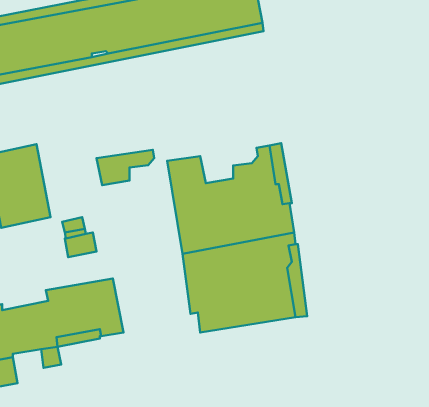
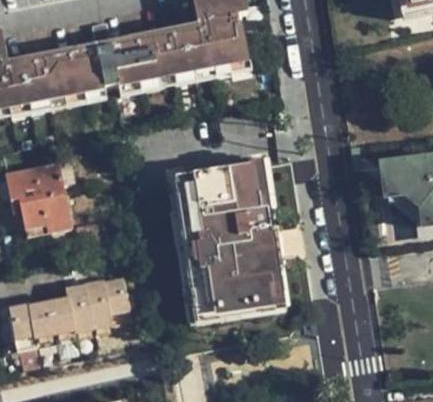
building: [96,150,154,185] -> [195,166,244,196]

